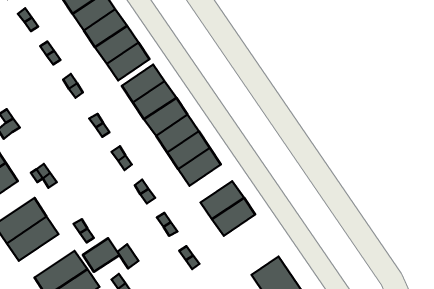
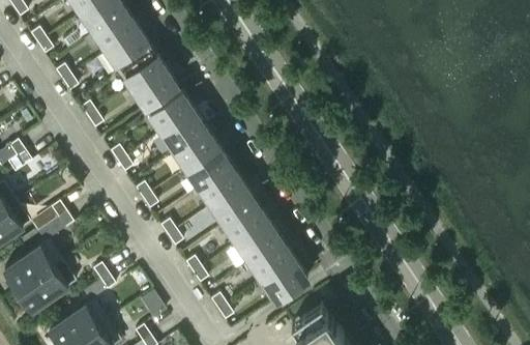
building: none -> [223,204,270,247]
building: none -> [261,260,308,303]
building: [83,238,119,272] -> none

